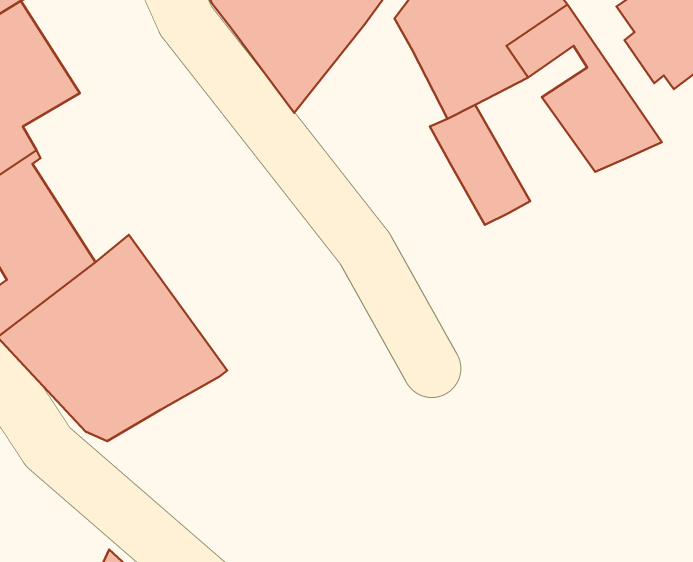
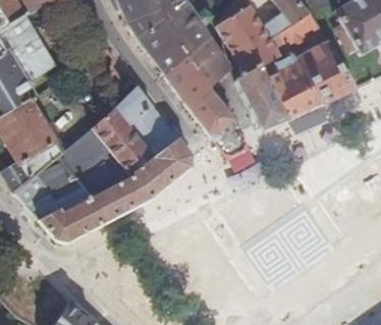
building: none -> [166,29,249,157]
building: none -> [260,56,322,120]
building: none -> [80,86,192,208]

